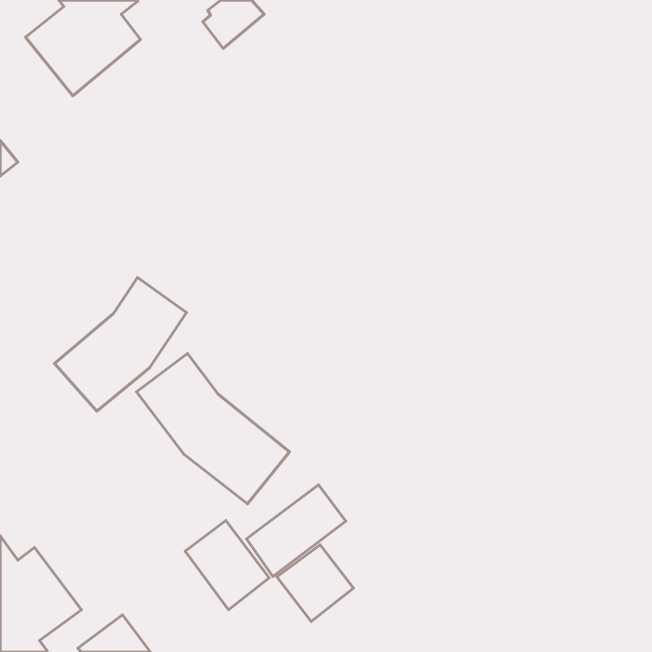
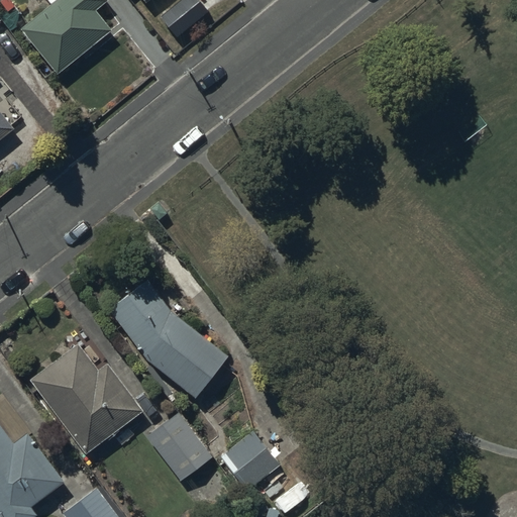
building: [55,277,186,411] -> none
building: none -> [29,343,144,456]
building: [246,485,346,576] -> none

